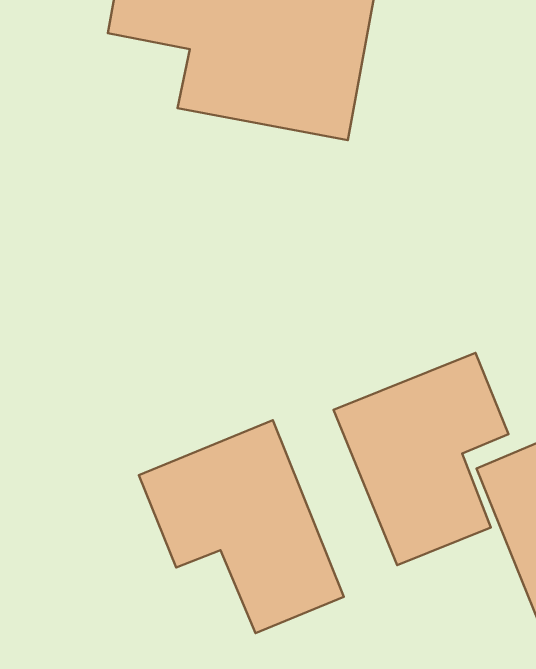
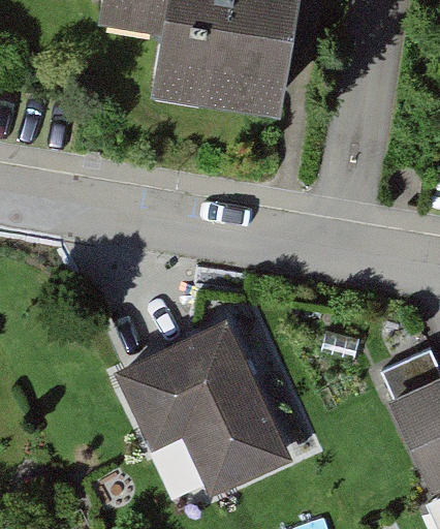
building: [333,353,509,565] -> none

